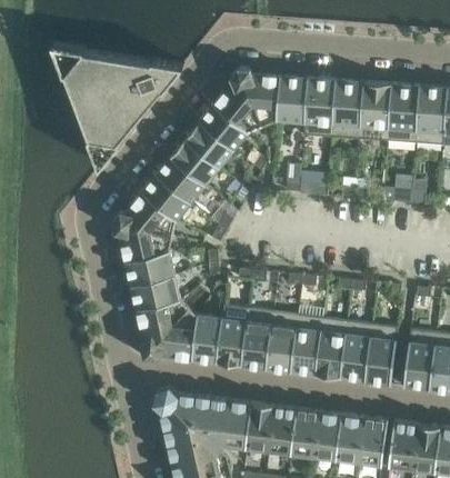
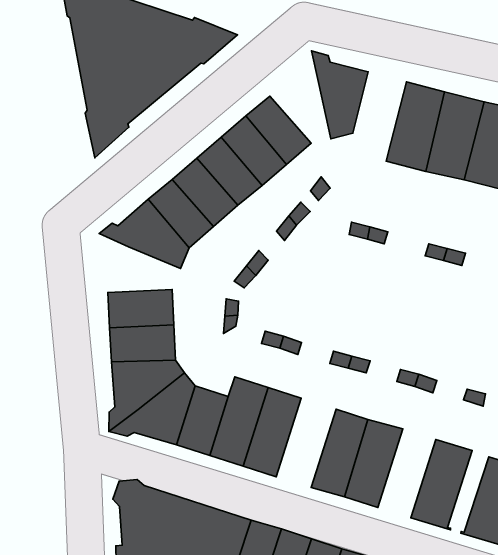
building: [213,67,261,131] -> none
building: [276,74,307,121] -> none
building: [111,220,172,260] -> none
building: [264,310,298,371] -> none
building: [339,319,371,380] -> none

